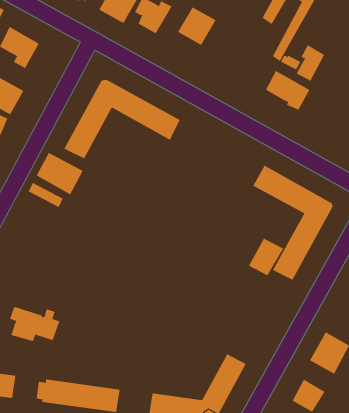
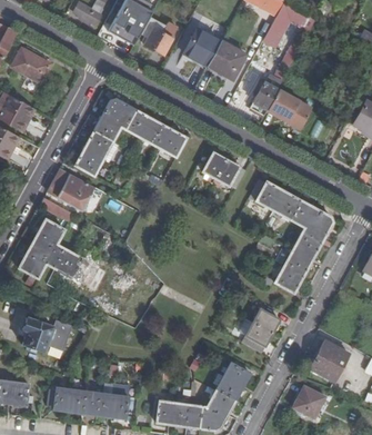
building: none -> [207,41,245,77]
building: [296,45,325,82] -> [250,79,278,115]
building: none -> [202,151,240,186]
building: none -> [19,218,105,290]
building: [248,238,284,276] -> [245,308,280,345]

